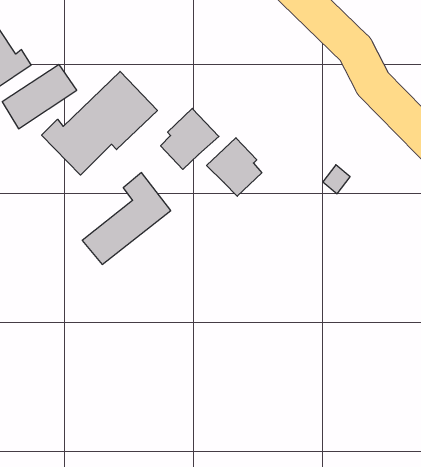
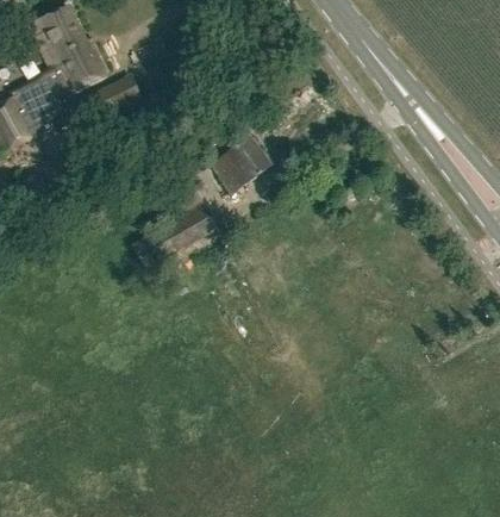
building: [42,71,157,175] -> none
building: [207,138,262,196] -> none

